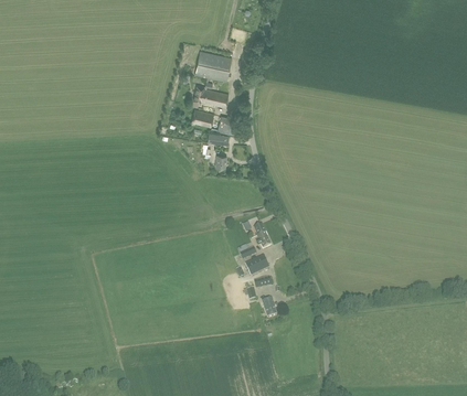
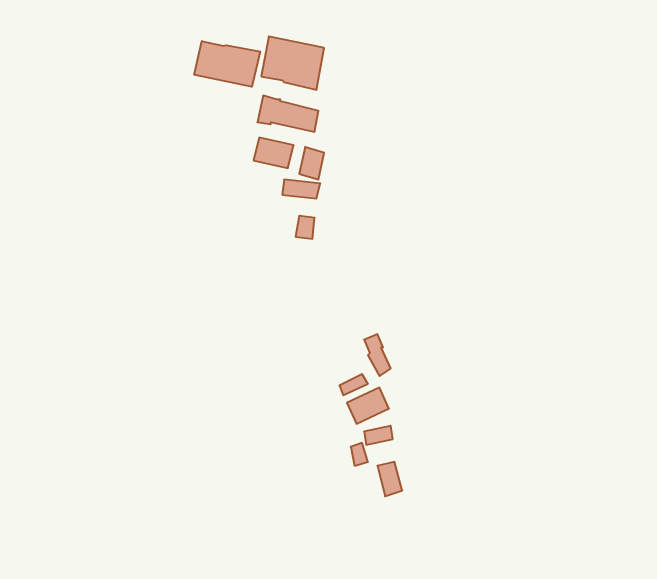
building: none -> [194,41,260,87]

